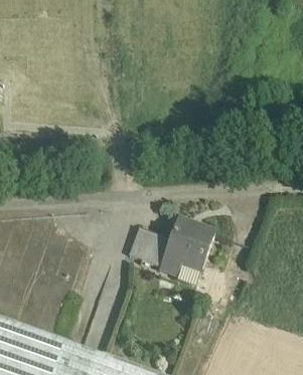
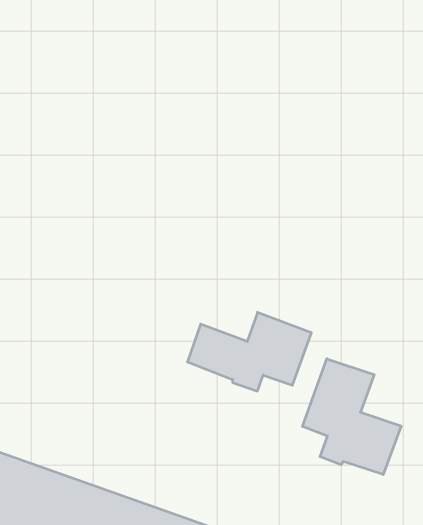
building: none -> [303,359,401,475]

